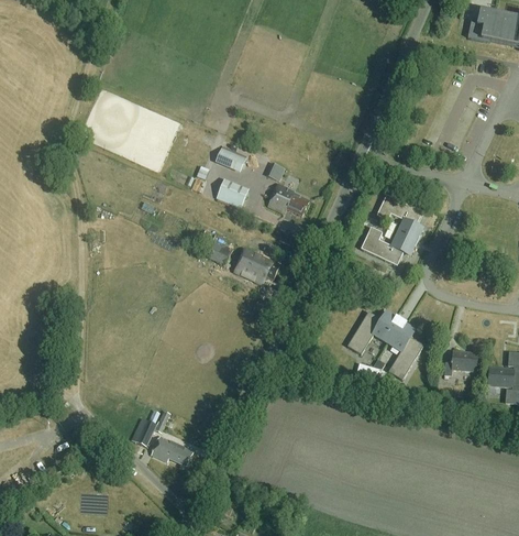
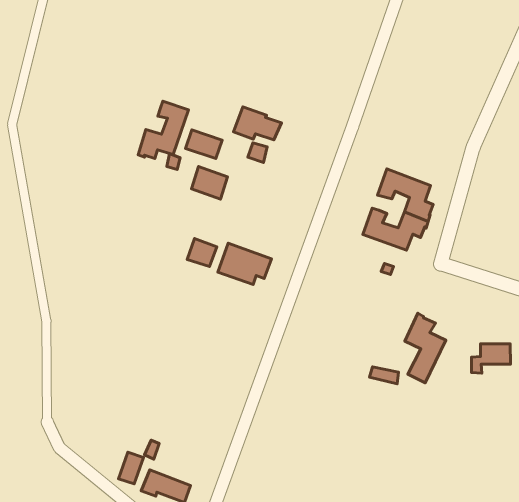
building: none -> [138,101,188,158]
building: [267,183,309,214] -> [234,107,281,140]
building: [349,310,402,354] -> none

